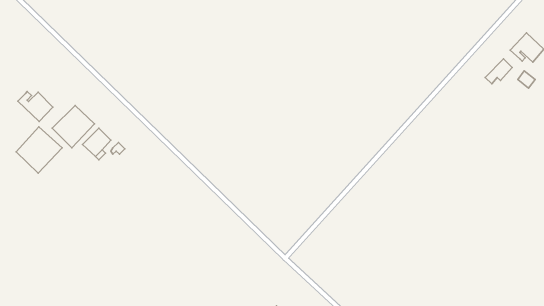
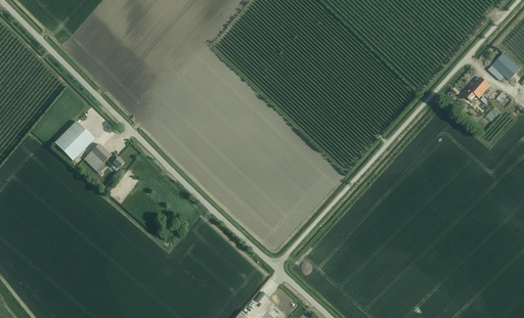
building: [18,92,53,122] -> none
building: [16,127,62,173] -> none

